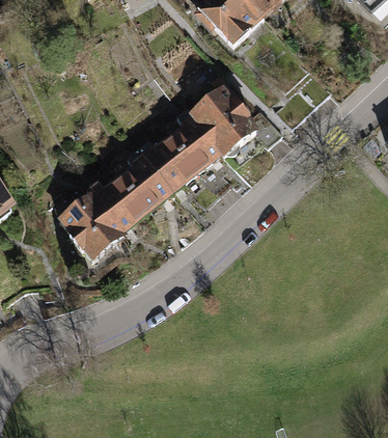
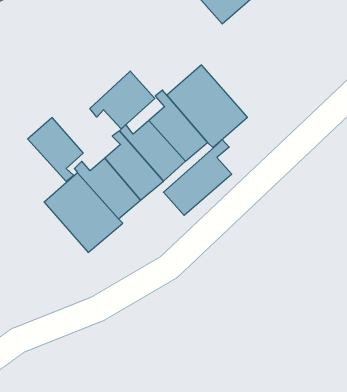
building: none -> [90,71,155,129]
building: none -> [28,118,83,182]
building: none -> [163,139,232,215]

